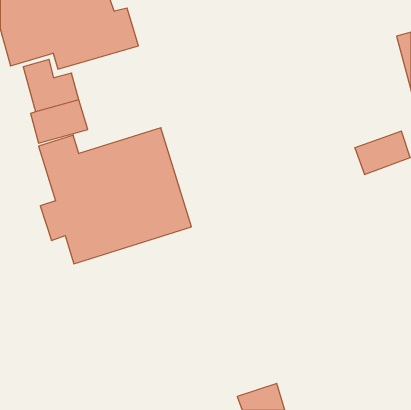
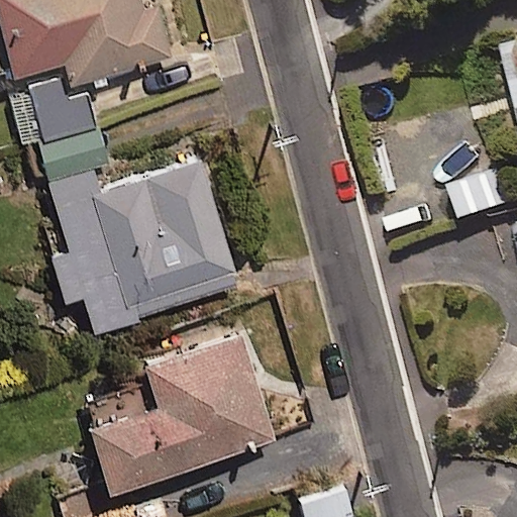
building: none -> [88,334,280,496]

